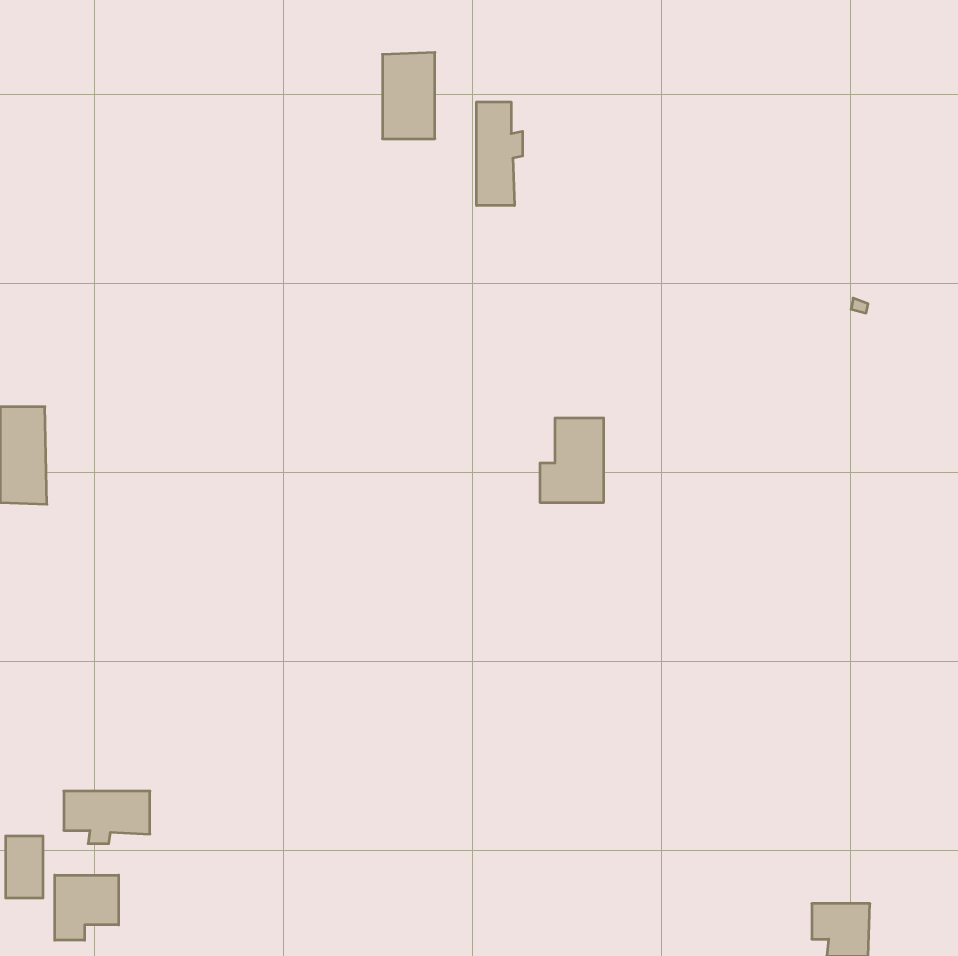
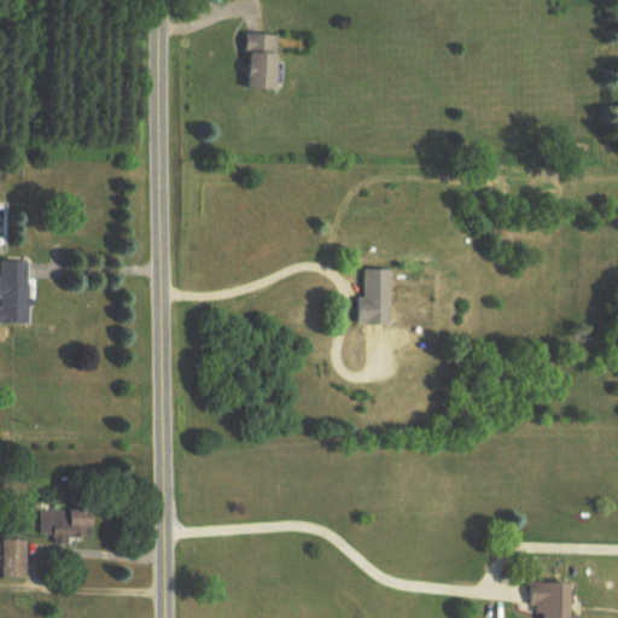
building: [477,102,523,206] -> none
building: [55,875,119,940] -> none

